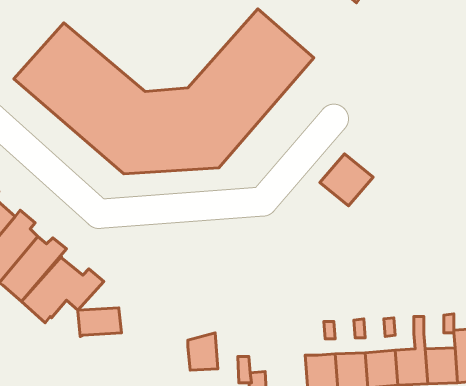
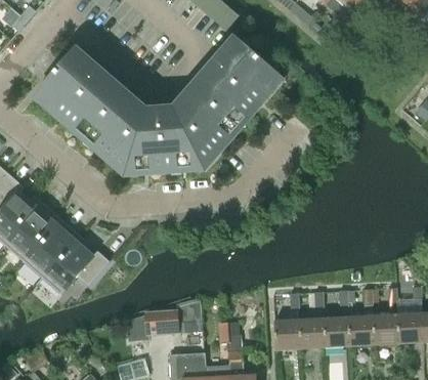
building: [320,154,373,206] -> none
building: [78,308,121,336] -> [143,312,179,336]

